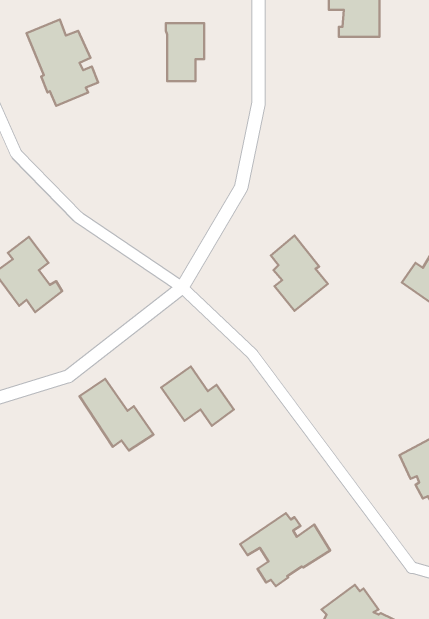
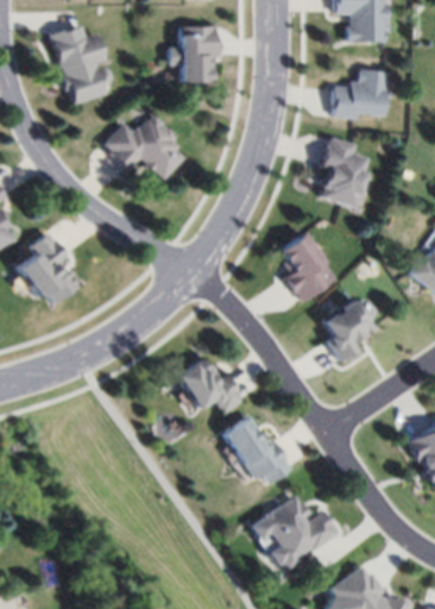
building: none -> [329,69,386,123]
building: none -> [106,113,184,180]
building: none -> [317,139,368,209]
building: none -> [323,300,376,365]
building: [79,379,153,450] -> [223,415,295,484]

